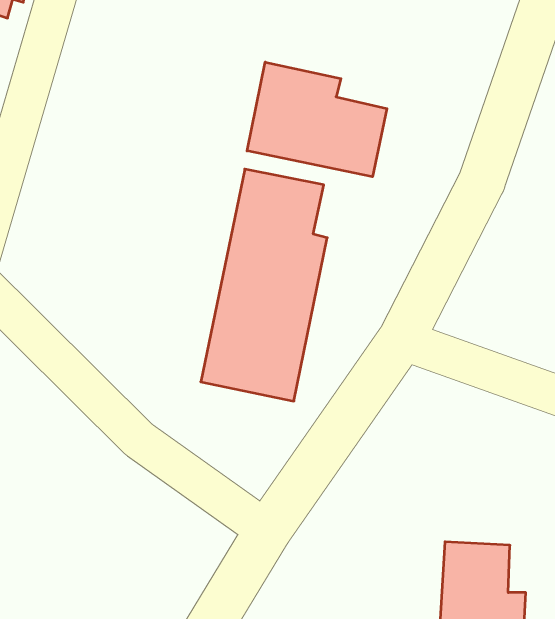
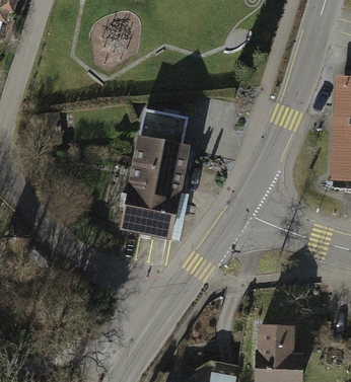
building: [247,62,387,177] -> none

